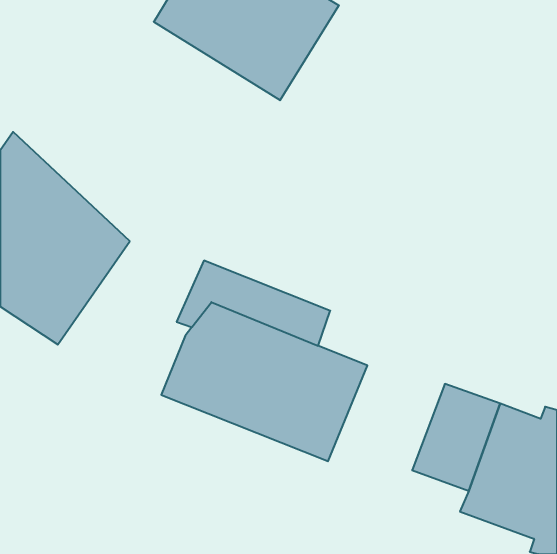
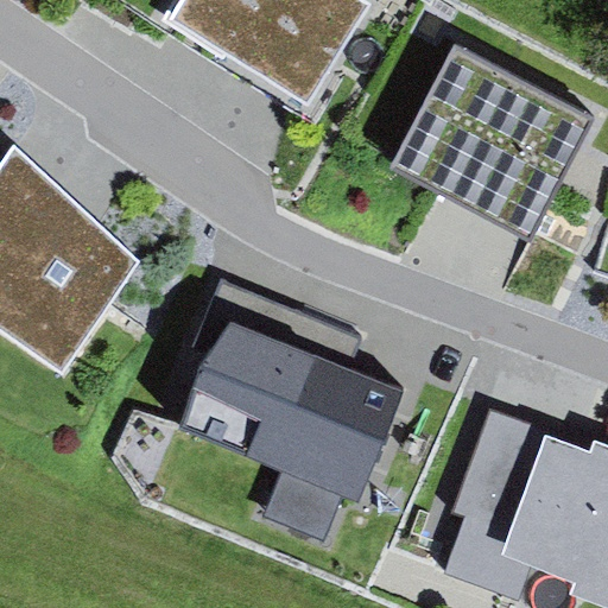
building: none -> [391,40,595,235]

